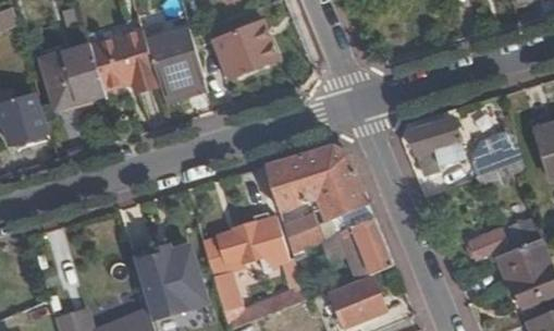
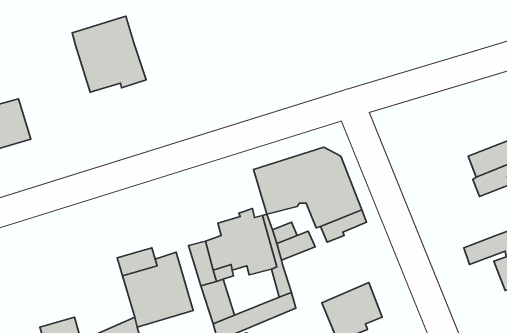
building: [212,16,280,78] -> none
building: [147,30,207,99] -> none
building: [40,46,106,110] -> none
building: [409,119,464,174] -> none
building: [350,218,393,275] -> none

